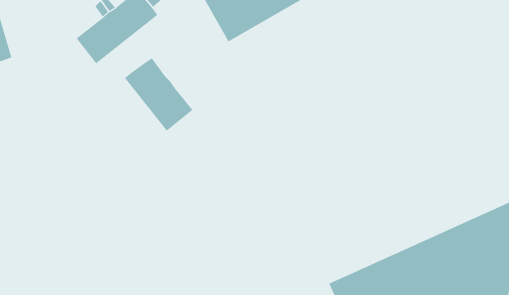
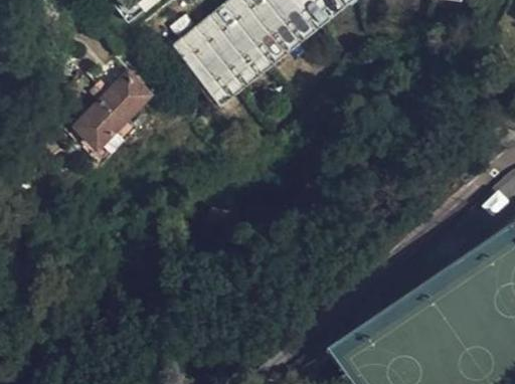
building: [124,58,193,131] -> none

